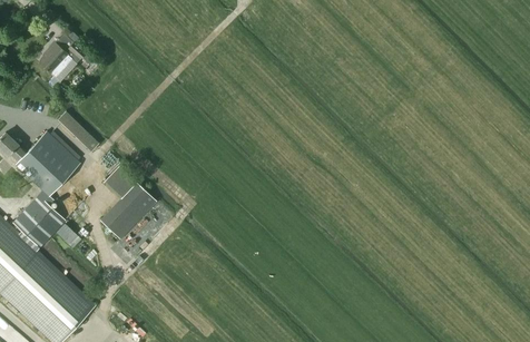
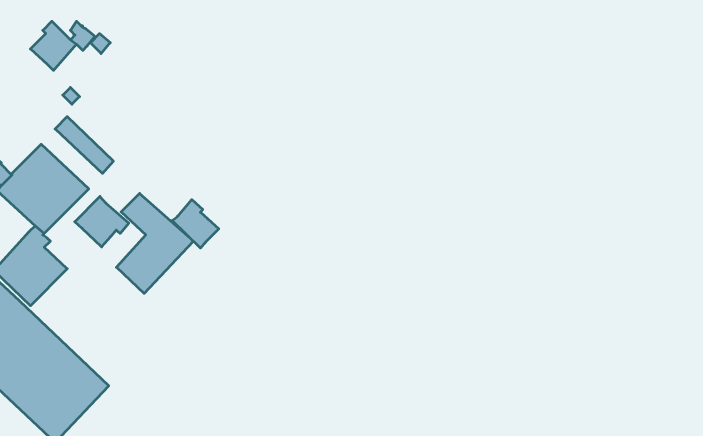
building: none -> [75,196,129,247]
building: none -> [172,200,219,248]

